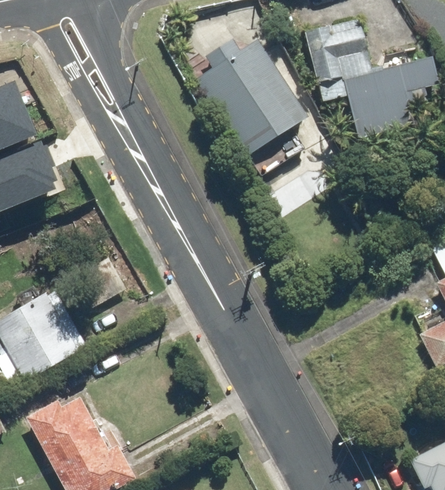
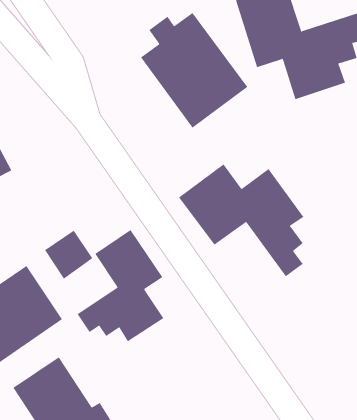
building: none -> [178,164,304,277]
building: none -> [77,229,164,342]

